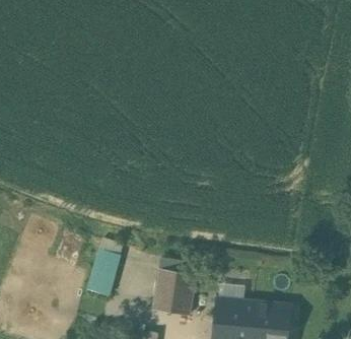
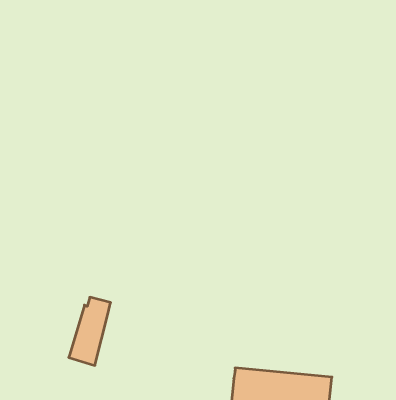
building: [153,269,196,315] -> none

